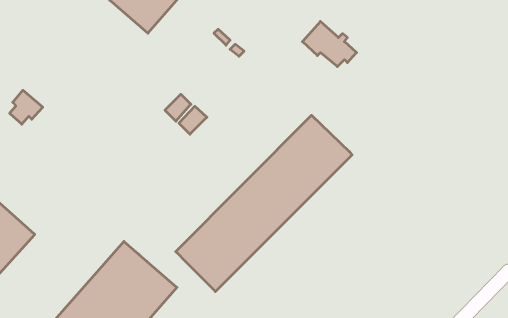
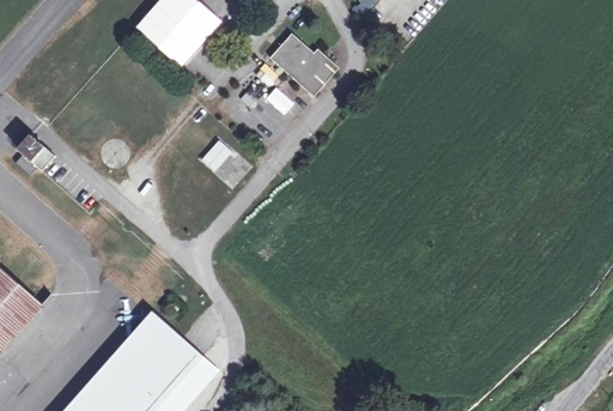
building: [302,21,357,67] -> [269,32,334,86]
building: [176,115,352,292] -> none

